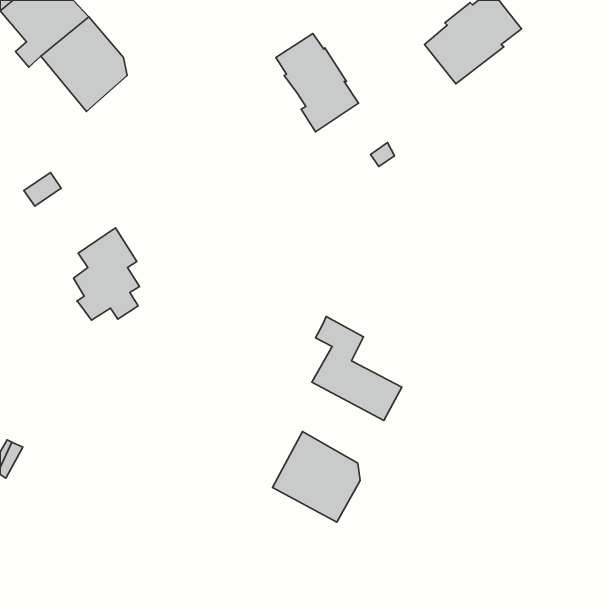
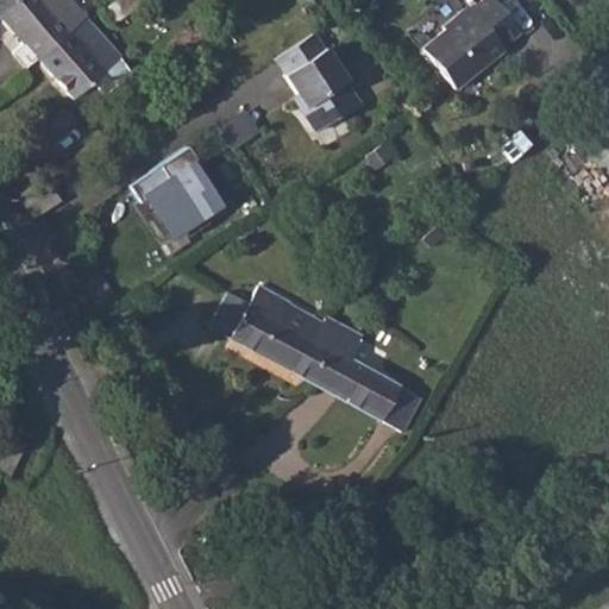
building: [73,228,139,320] -> [145,147,211,239]
building: none -> [213,285,334,382]
building: [272,432,360,522] -> none

